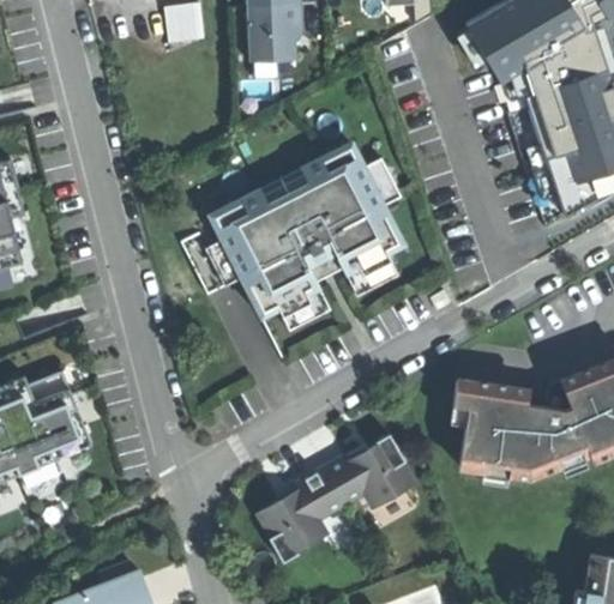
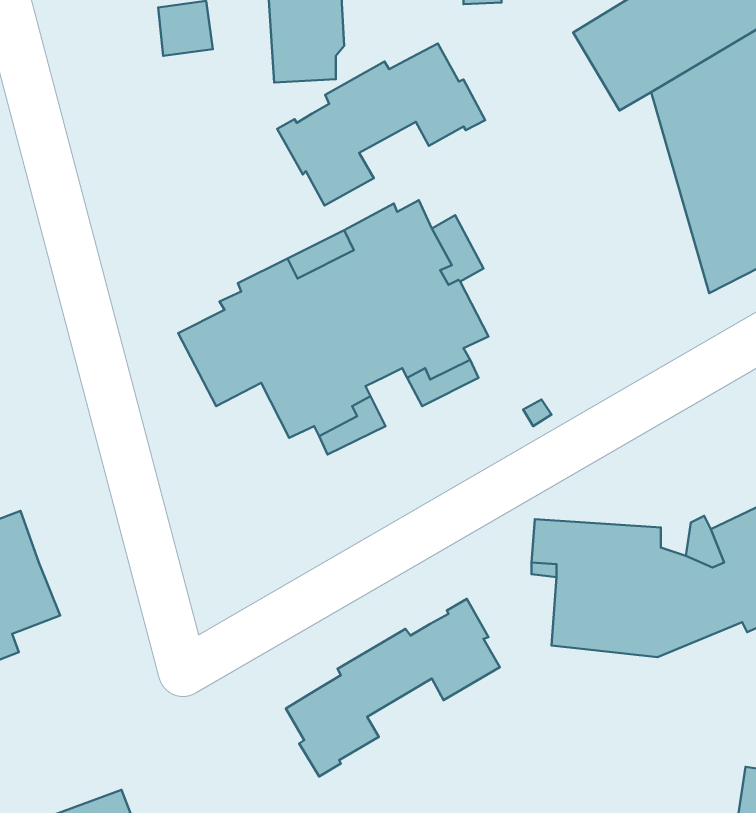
building: none -> [277,43,485,206]

